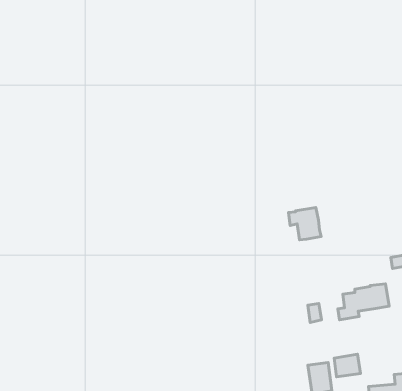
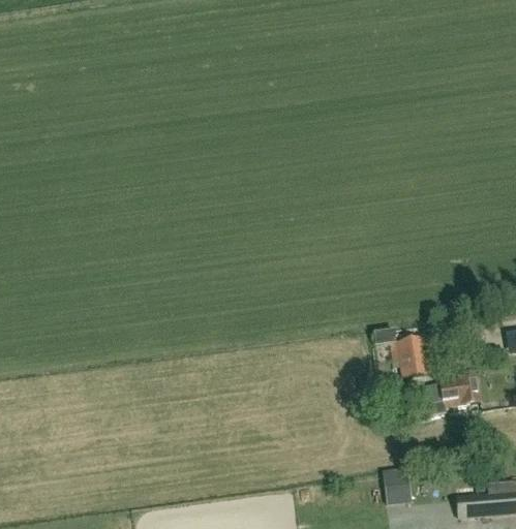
building: [289,207,321,240] -> [390,338,429,377]
building: [334,354,361,377] -> none

